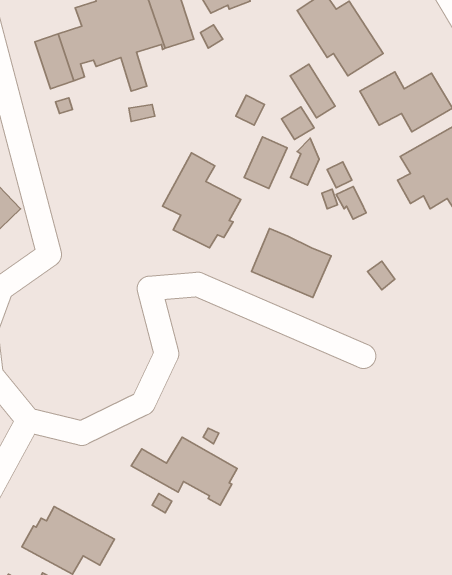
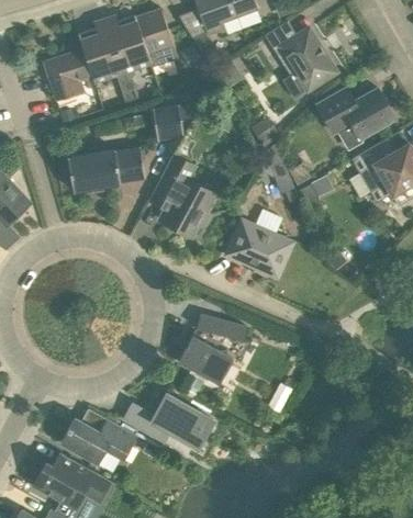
building: [290,64,335,118] -> none
building: none -> [153,106,181,138]
building: [244,137,287,189] -> none
building: none -> [63,146,145,191]
building: none -> [178,319,246,383]
building: none -> [59,418,137,463]

